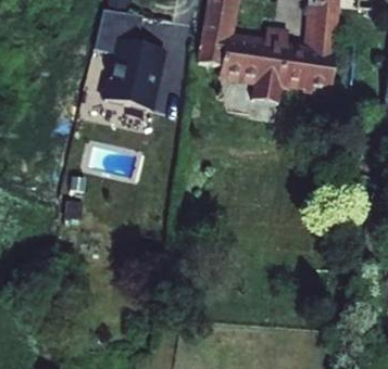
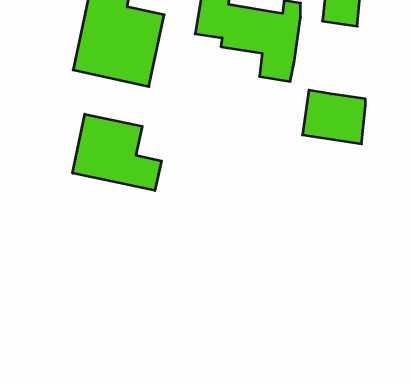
building: [283,48,336,93] -> [302,90,365,144]
building: none -> [73,114,162,191]

